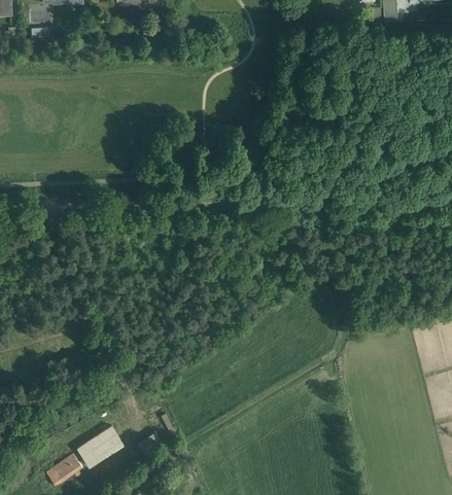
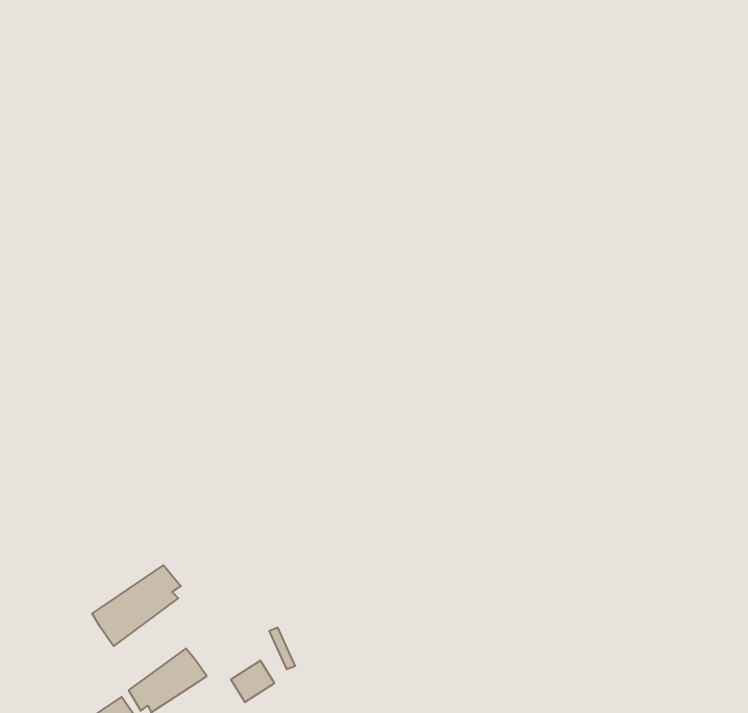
building: none -> [92,565,181,646]

